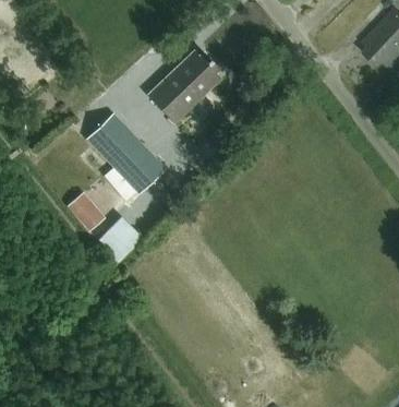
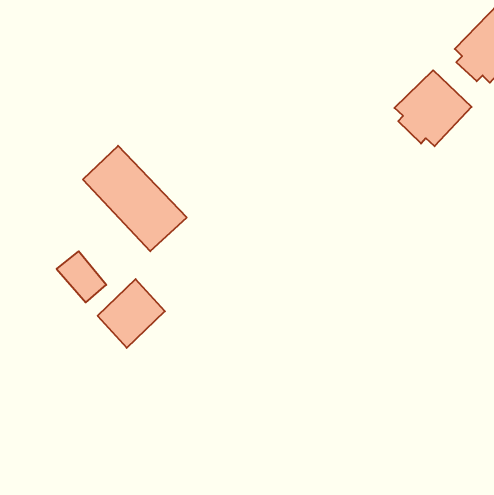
building: [148,52,218,121] -> none
building: none -> [394,70,472,146]

